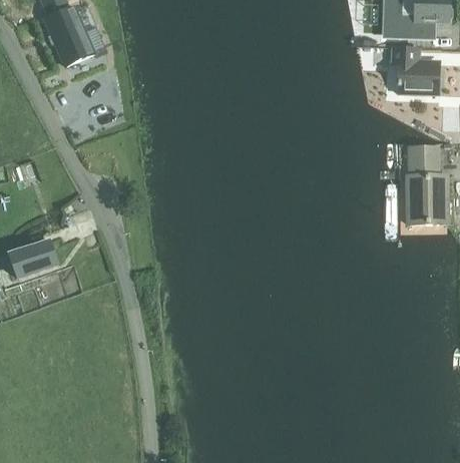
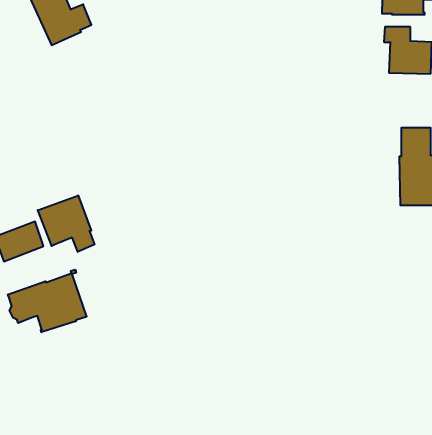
building: none -> [38,195,94,252]
building: none -> [8,270,87,332]

